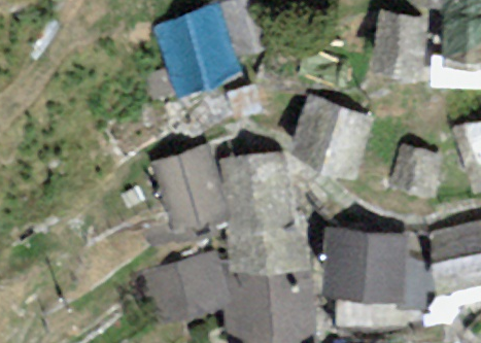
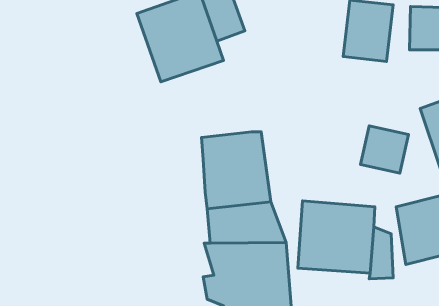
building: [288,94,373,179] -> none
building: [152,142,226,232] -> none
building: [145,250,235,325] -> none

